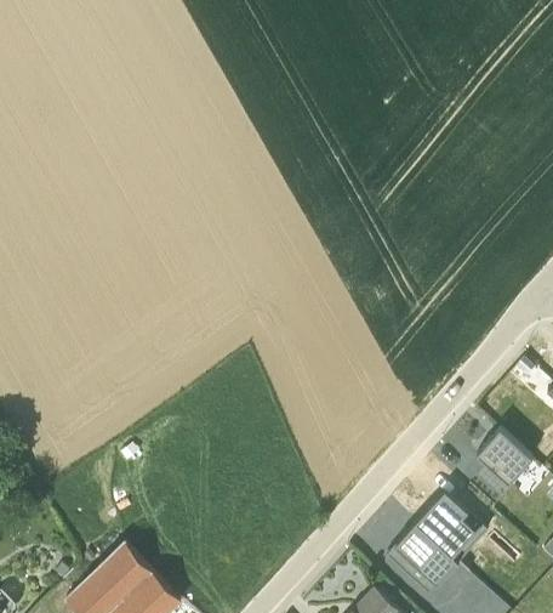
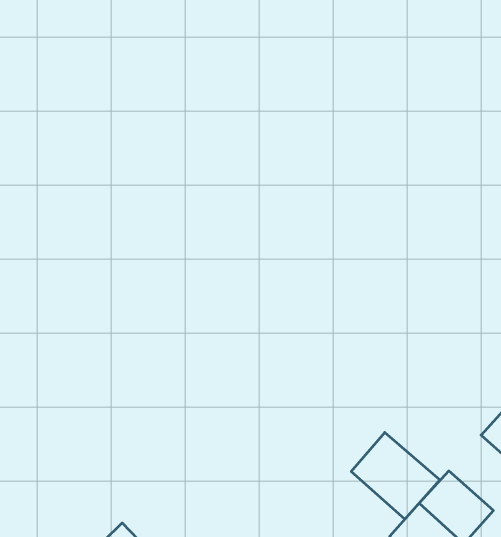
building: none -> [351,432,440,519]

